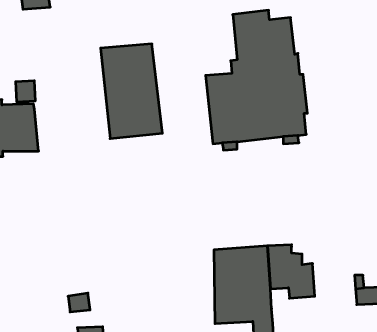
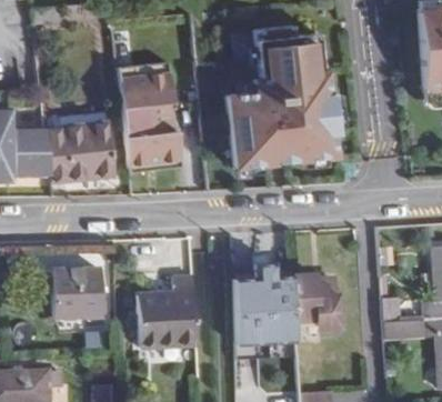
building: none -> [44,120,114,183]
building: none -> [50,267,101,316]
building: none -> [138,280,194,350]

